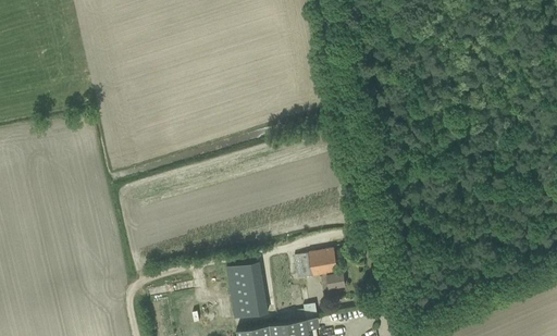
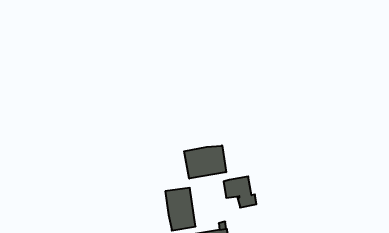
building: none -> [184,145,226,179]

